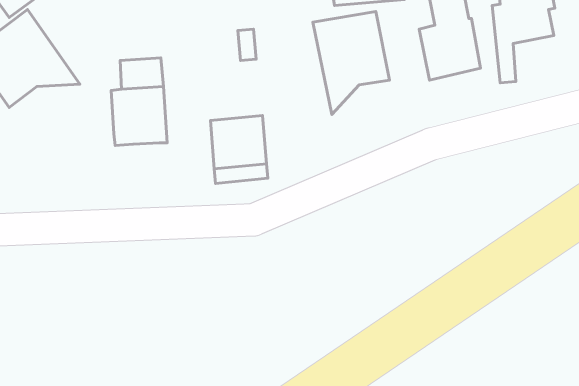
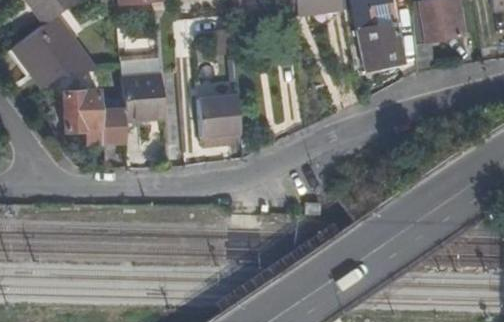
building: [313,11,389,115] -> none
building: none -> [63,91,126,145]

